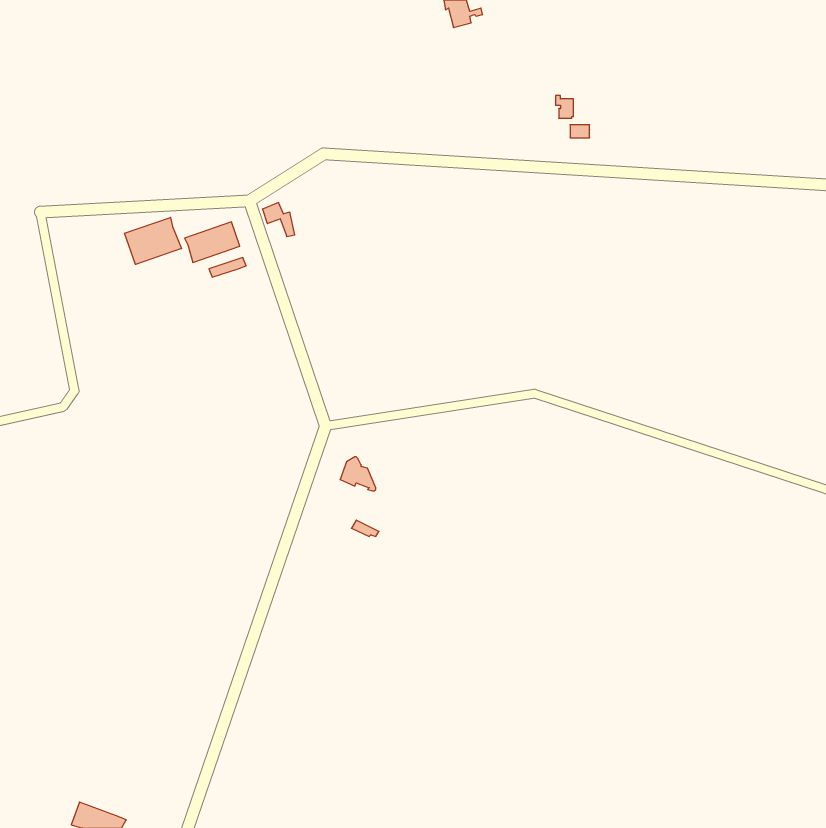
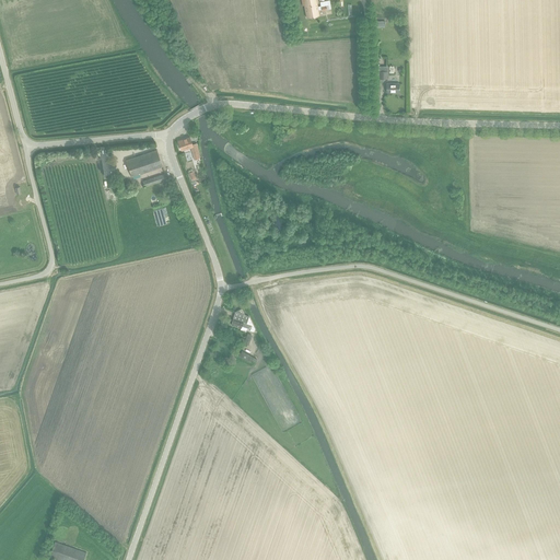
building: [124,217,181,264] -> none

